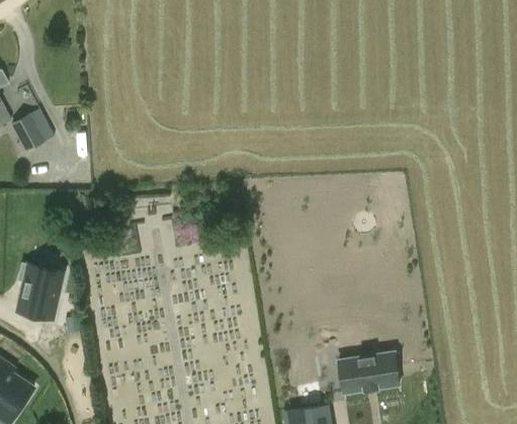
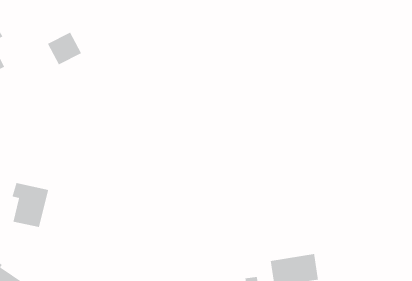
building: [10,109,54,152] -> [47,31,82,66]

